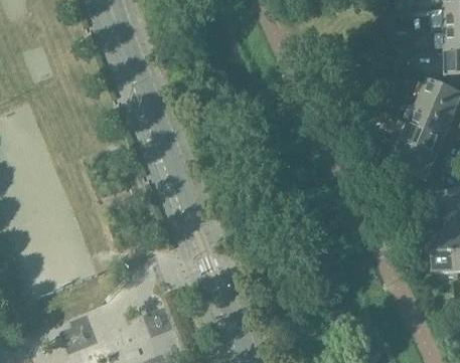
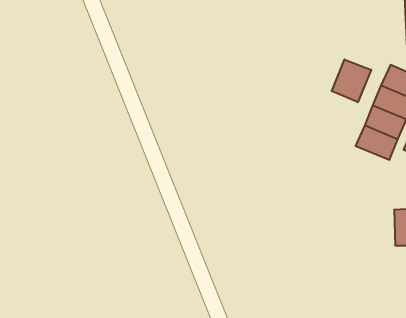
building: none -> [332,59,371,102]

